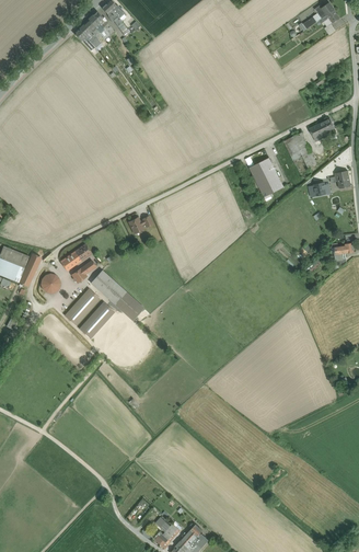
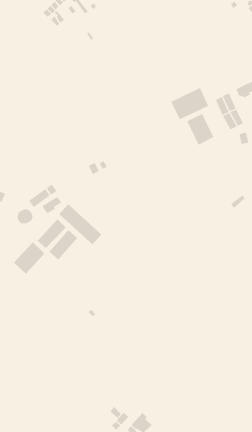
building: none -> [171,87,209,120]
building: none -> [13,241,45,275]

